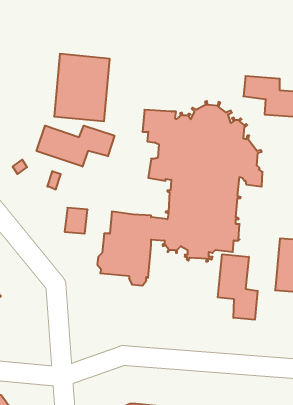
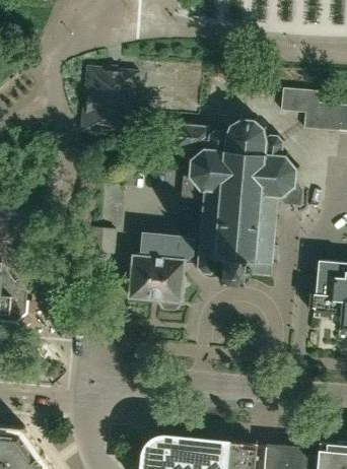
building: [37,126,114,167] -> none
building: [218,254,258,320] -> none

